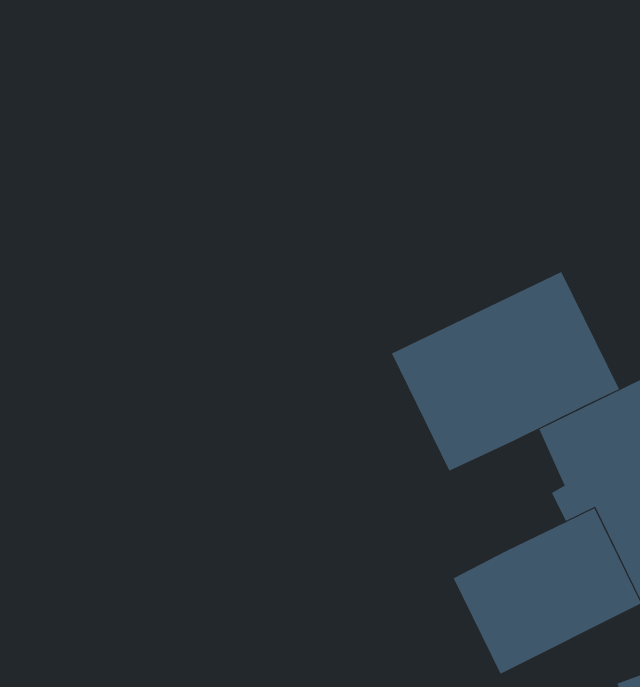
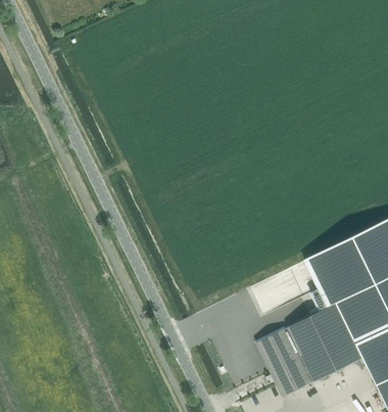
building: [391,271,620,471] -> none

